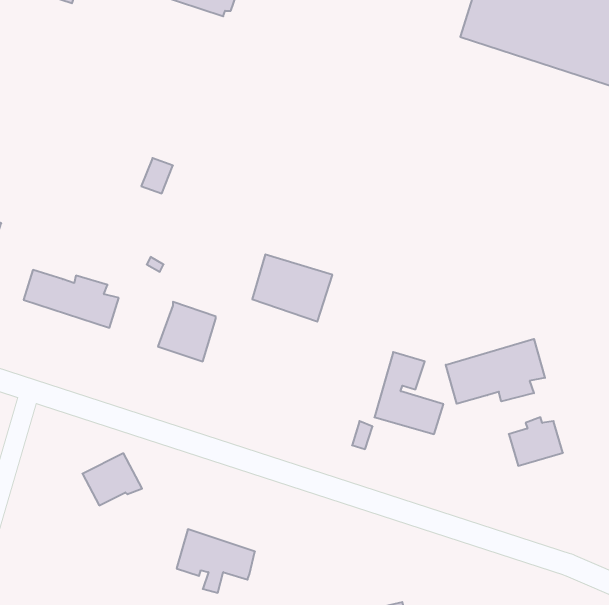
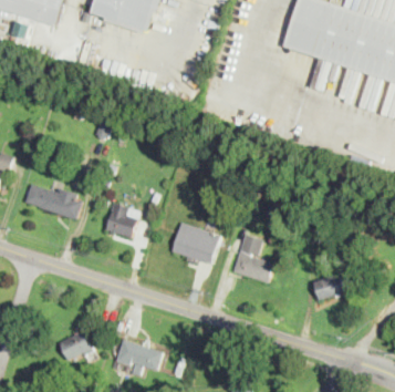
building: [252,254,332,322] -> [171,224,219,264]
building: [446,339,545,404] -> none
building: [82,453,142,505] -> [58,330,93,361]

